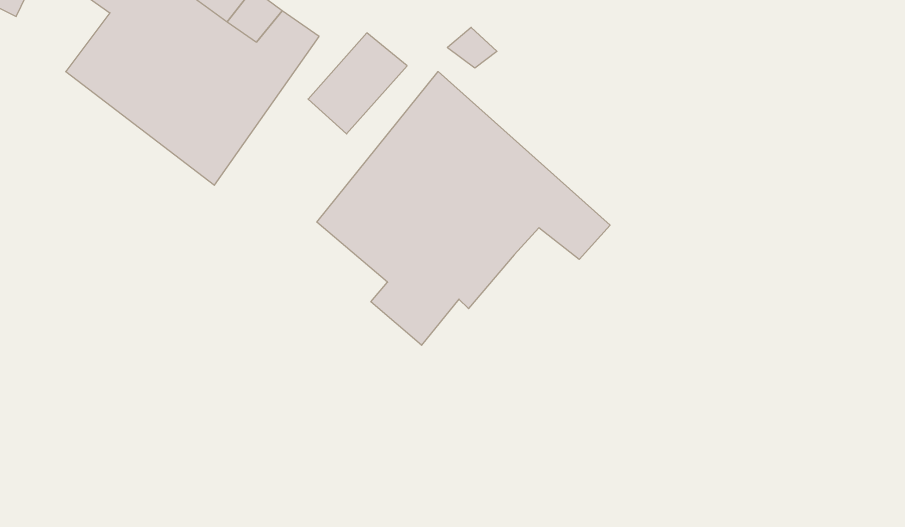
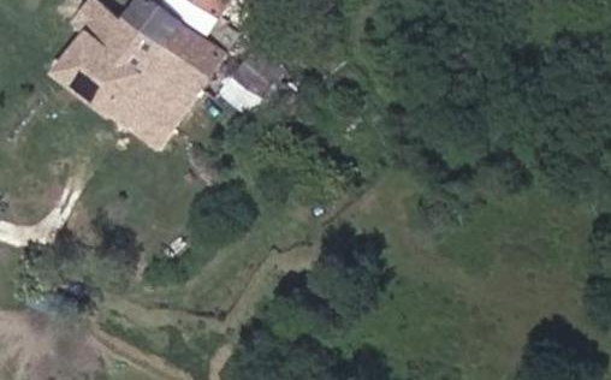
building: [317,72,610,345] -> none

